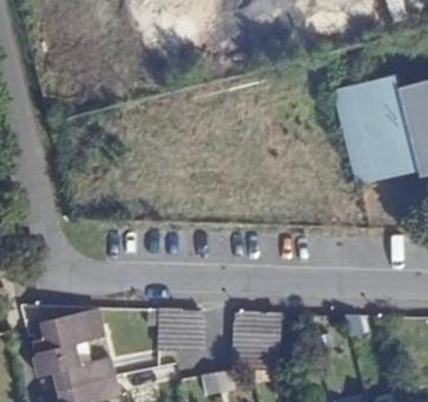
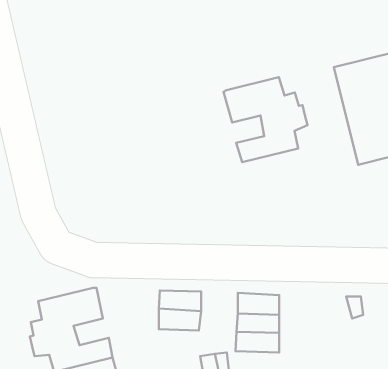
building: none -> [223,77,307,162]

